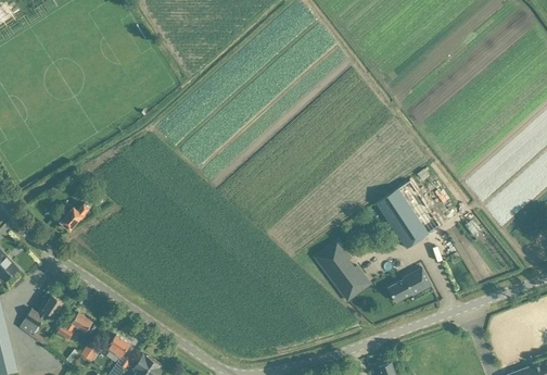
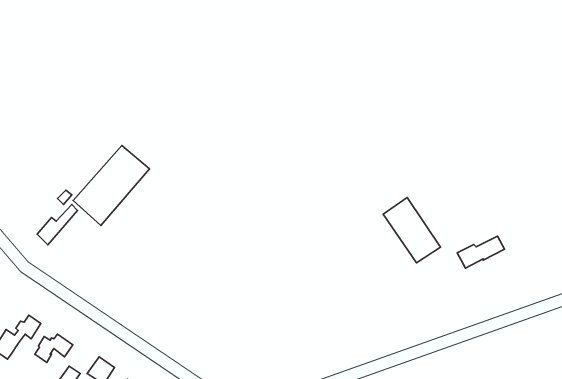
building: none -> [73,145,150,225]
building: [315,240,364,301] -> none
building: [387,273,431,302] -> [457,236,505,268]

